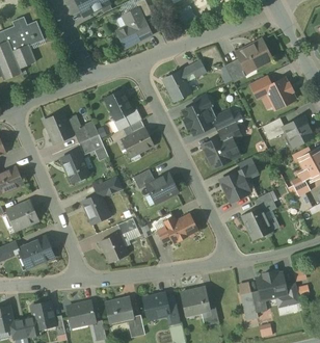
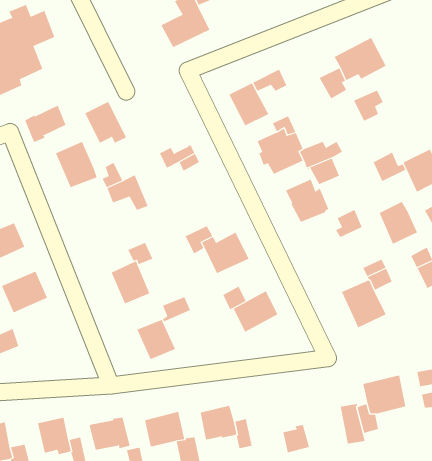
building: [265,78,294,109] -> none
building: none -> [25,105,67,143]
building: [105,90,134,120] -> [85,101,127,143]
building: [122,128,154,157] -> none
building: [60,151,89,183] -> none
building: [220,172,247,202] -> [379,201,418,244]
building: [21,236,54,267] -> none
building: [180,287,210,315] -> none

